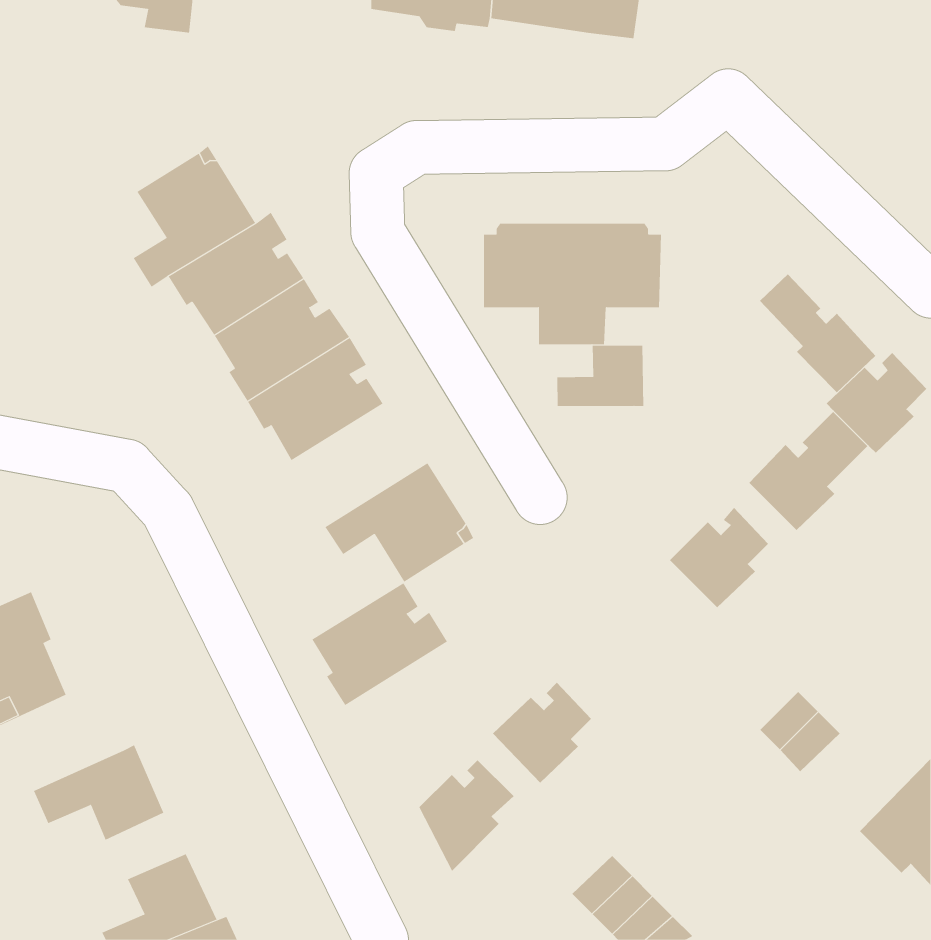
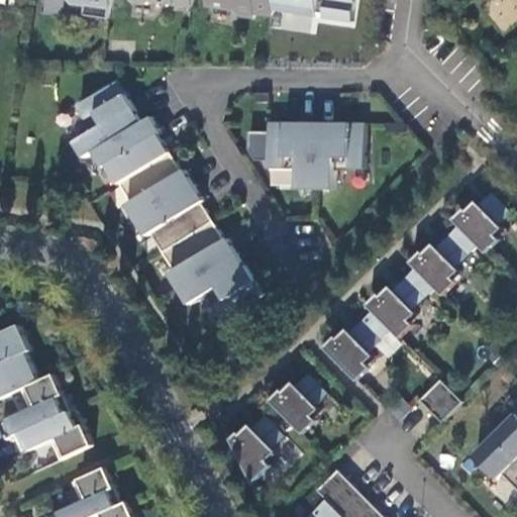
building: [759,274,876,393] -> none
building: [557,345,644,407] -> none
building: none -> [323,310,389,377]
building: [312,582,448,706] -> [160,221,234,289]
building: none -> [4,374,68,436]

